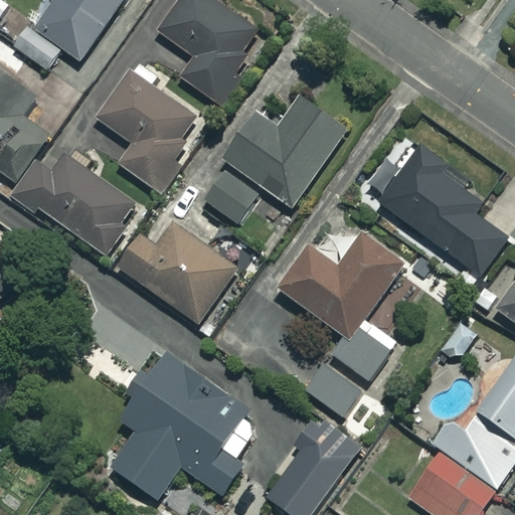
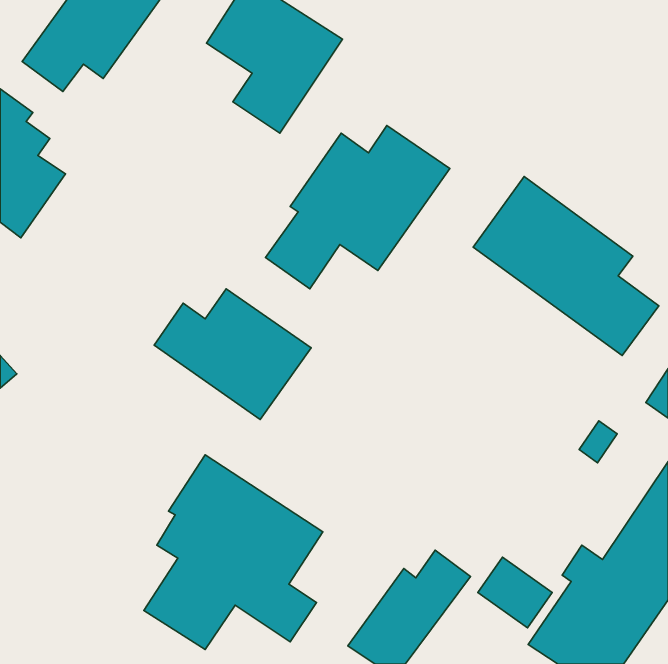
building: [93,58,193,194] -> none
building: [27,151,138,253] -> none
building: [279,234,403,380] -> none
building: [305,362,362,416] -> [478,557,552,628]

